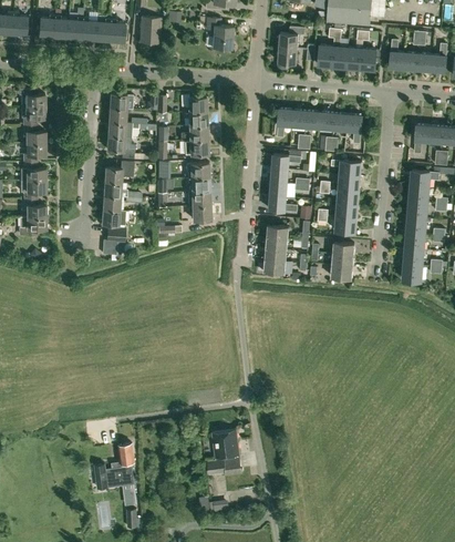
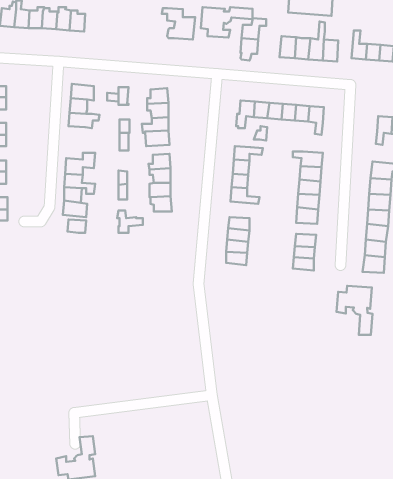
building: none -> [201,7,252,38]
building: [139,18,162,44] -> none
building: [106,135,135,160] -> none
building: none -> [337,286,372,335]
building: [207,430,241,475] -> none

